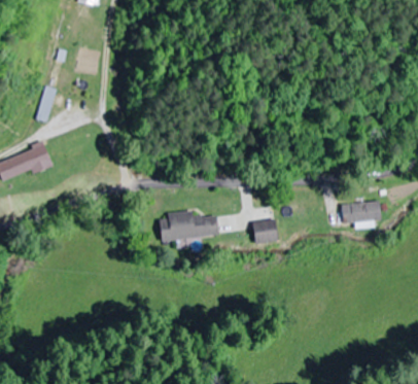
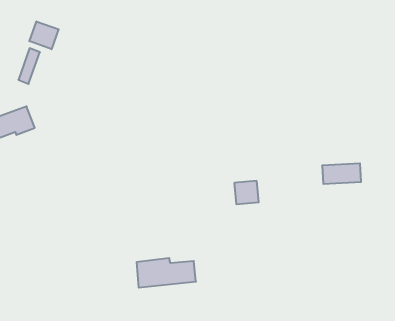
building: none -> [29,21,59,49]
building: [160,211,219,241] -> [137,258,196,288]

